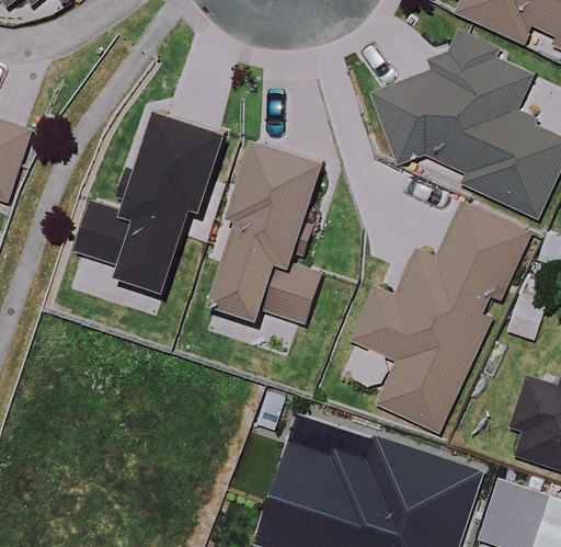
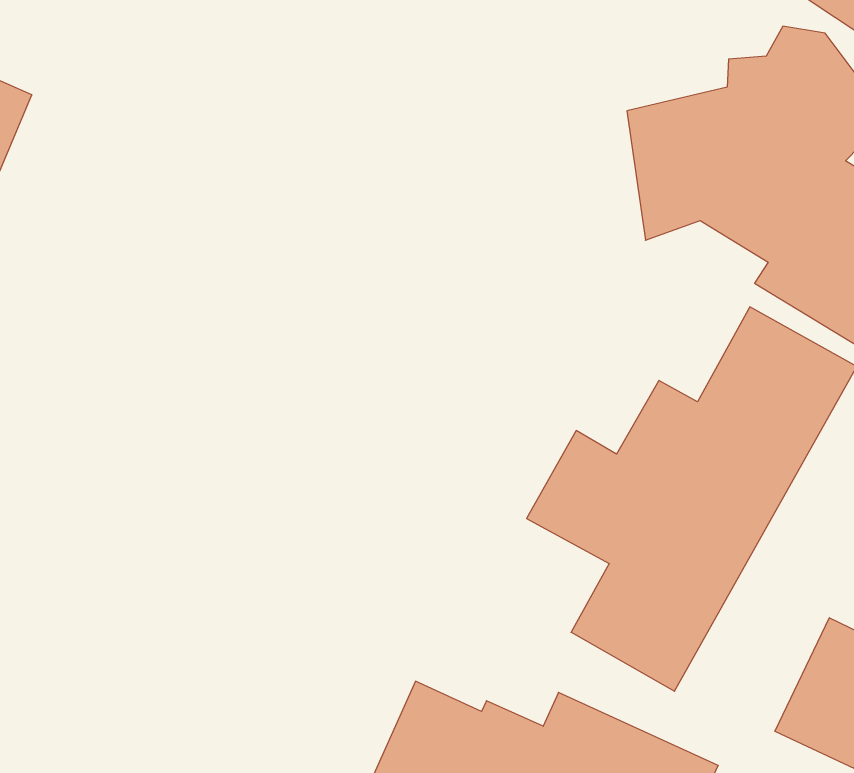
building: [76,111,221,297] -> none
building: [214,143,329,329] -> none

